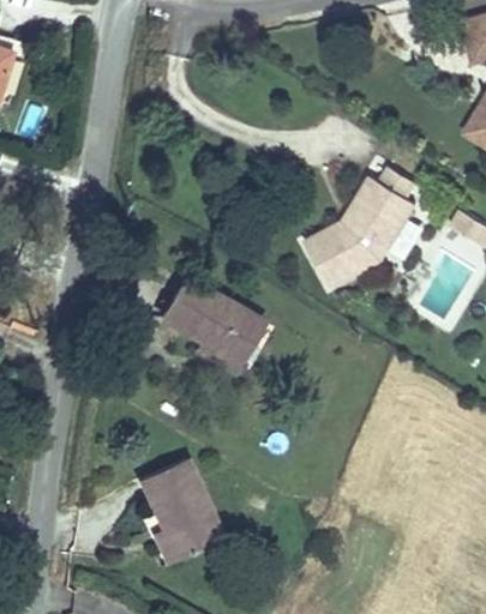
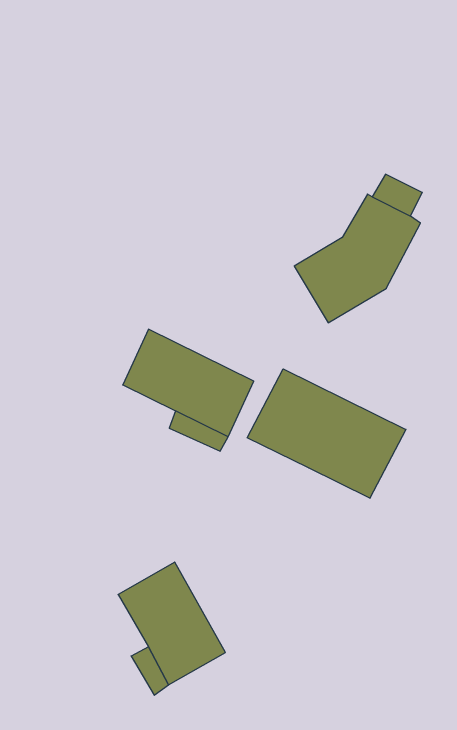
building: none -> [247,369,406,498]

